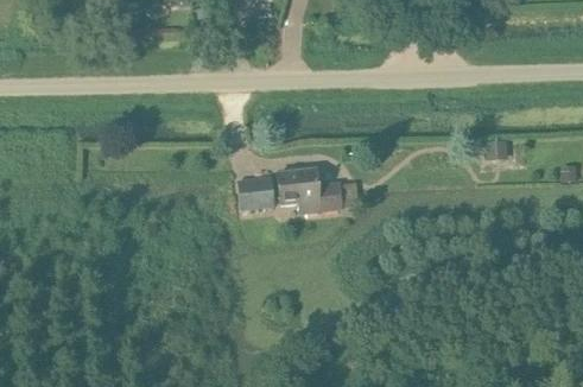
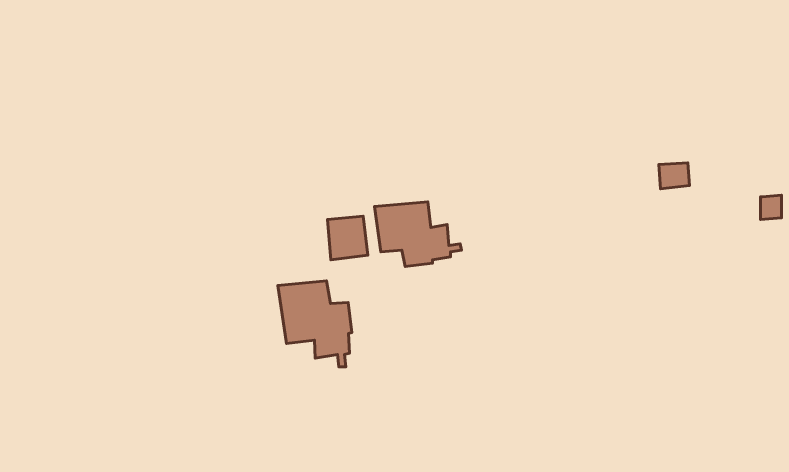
building: none -> [278,281,352,367]

